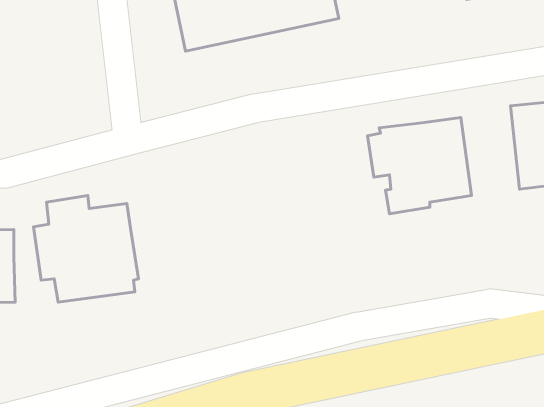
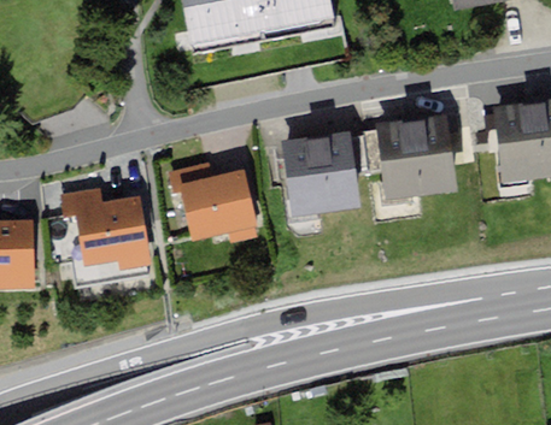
building: none -> [281,131,357,219]
building: none -> [168,163,256,240]

